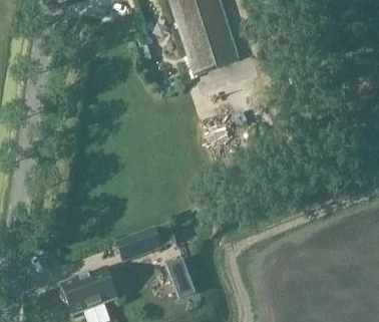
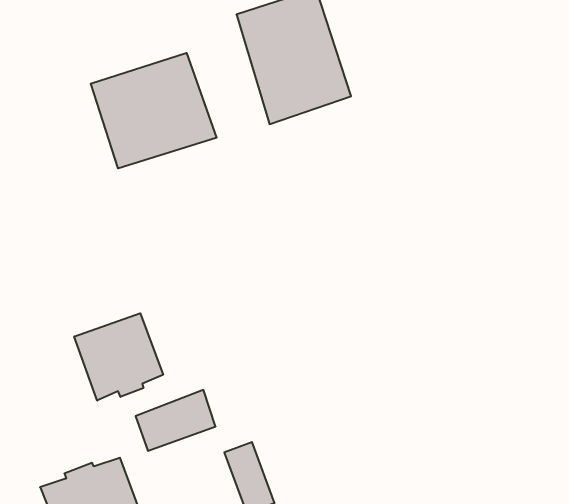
building: none -> [91,53,217,168]
building: none -> [74,313,163,401]

